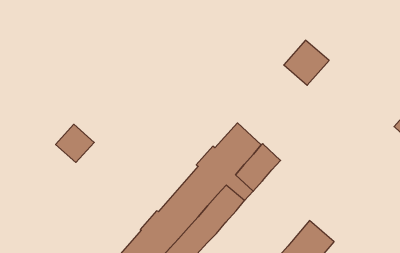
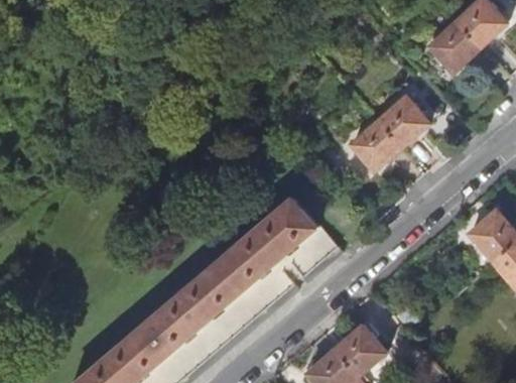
building: none -> [380,94,429,144]
building: [56,124,94,162] -> none

